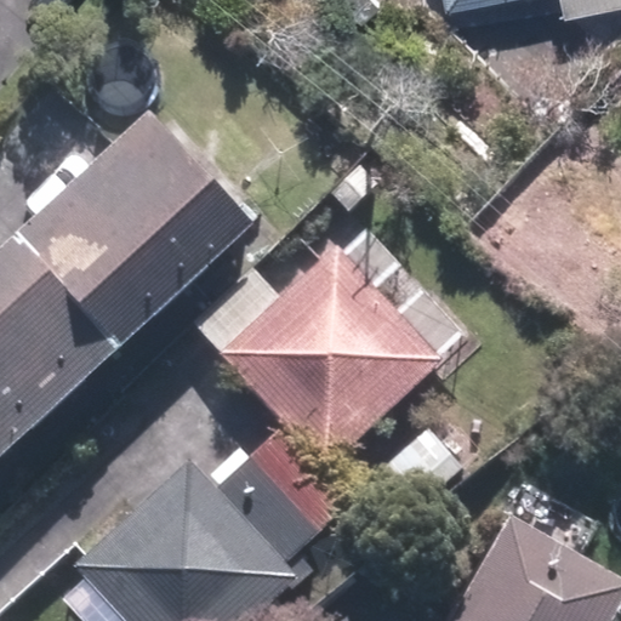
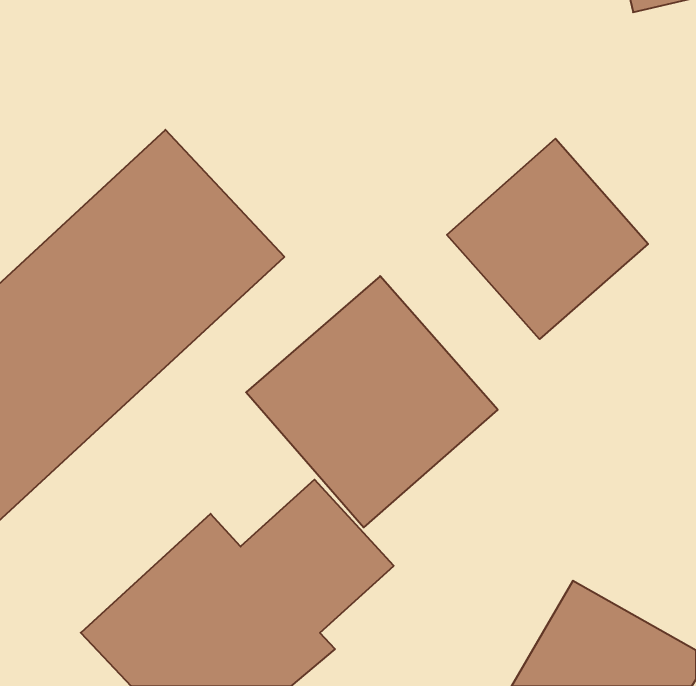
building: none -> [447,139,648,339]

